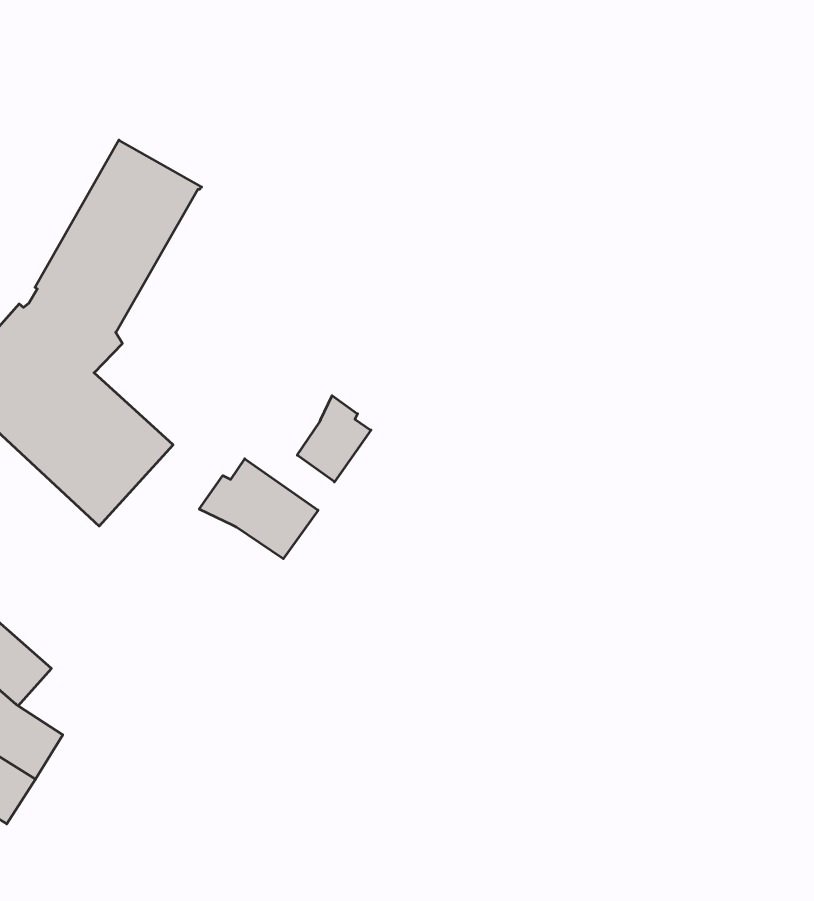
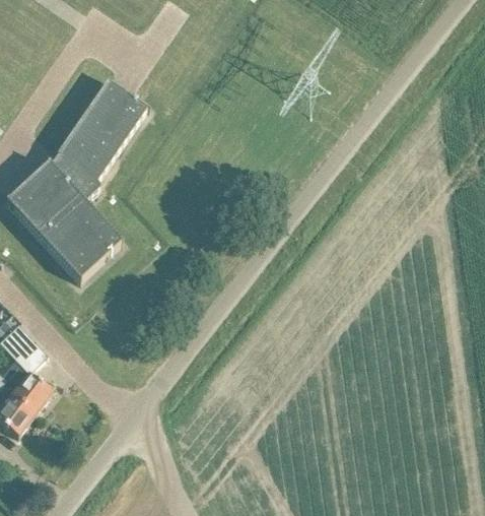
building: [297,396,371,482] -> none
building: [199,459,318,559] -> none

